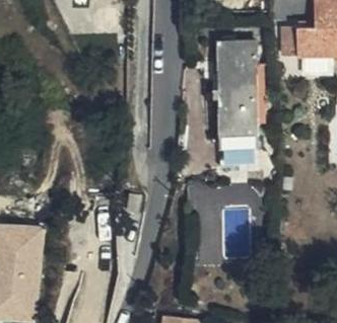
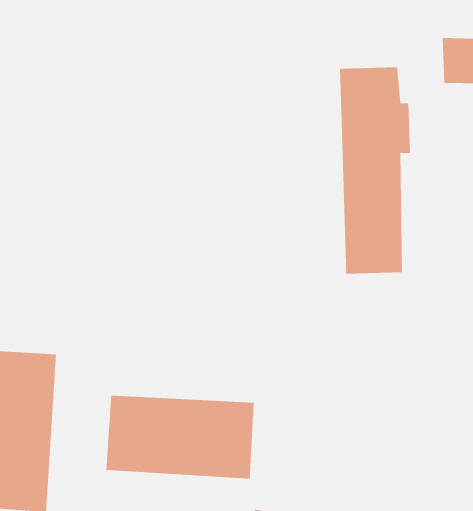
building: none -> [106,395,254,480]

